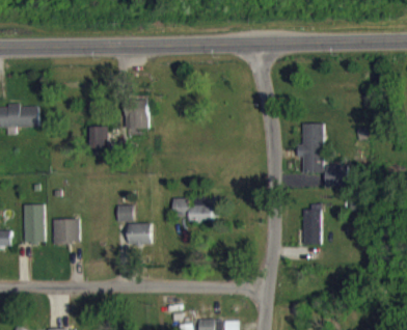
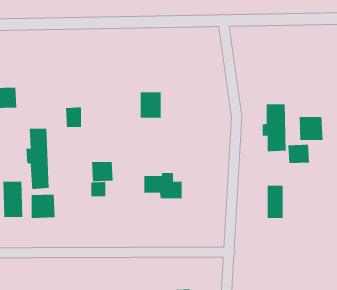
building: [125,100,147,128] -> [140,92,161,118]
building: none -> [299,116,323,141]
building: none -> [26,128,49,190]
building: [128,223,152,245] -> [91,161,114,182]

